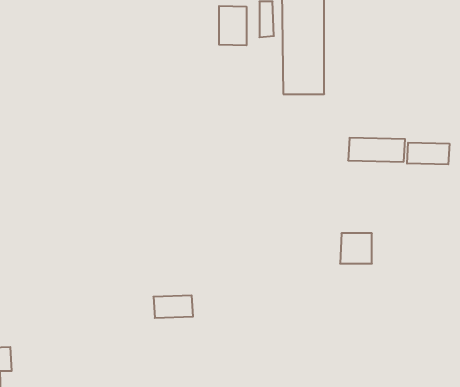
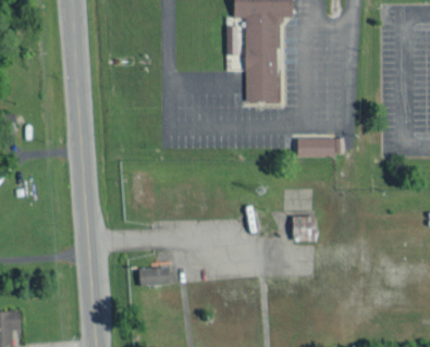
building: [219,6,246,45] -> none
building: [407,143,449,164] -> none

